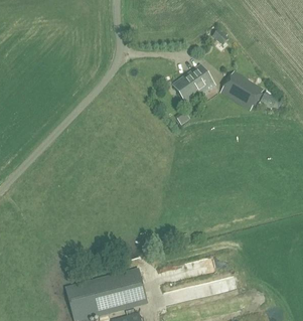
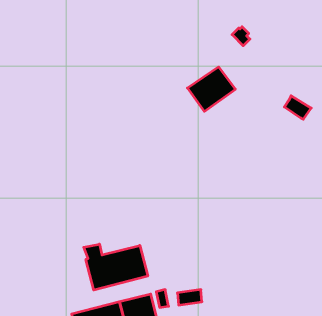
building: [220,70,262,109] -> none
building: none -> [84,244,148,290]

